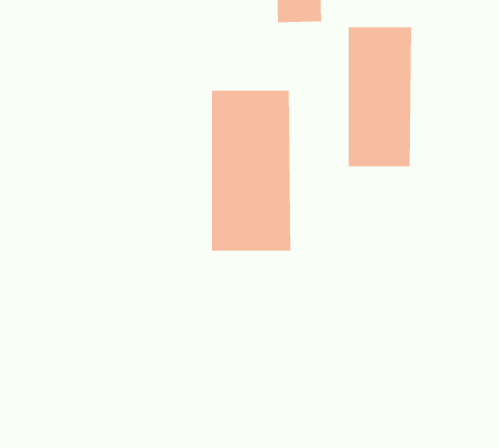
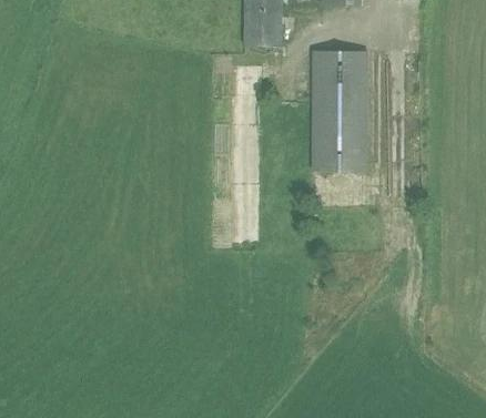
building: [211,90,291,252] -> none

